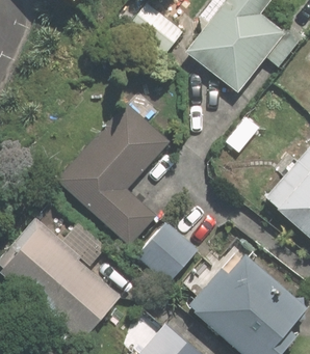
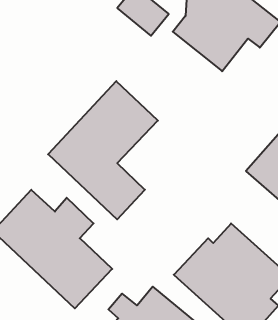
building: [134,221,200,287] -> none

